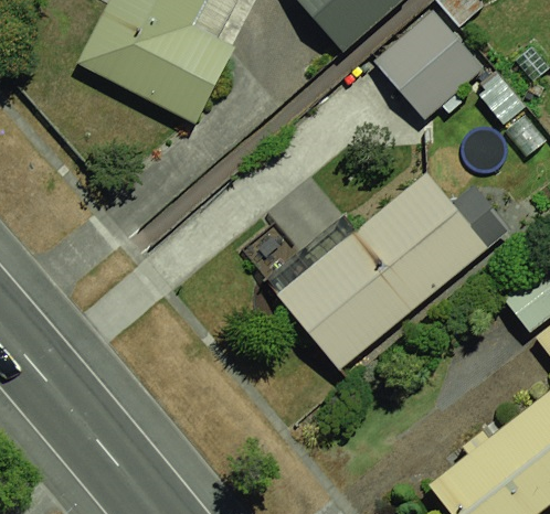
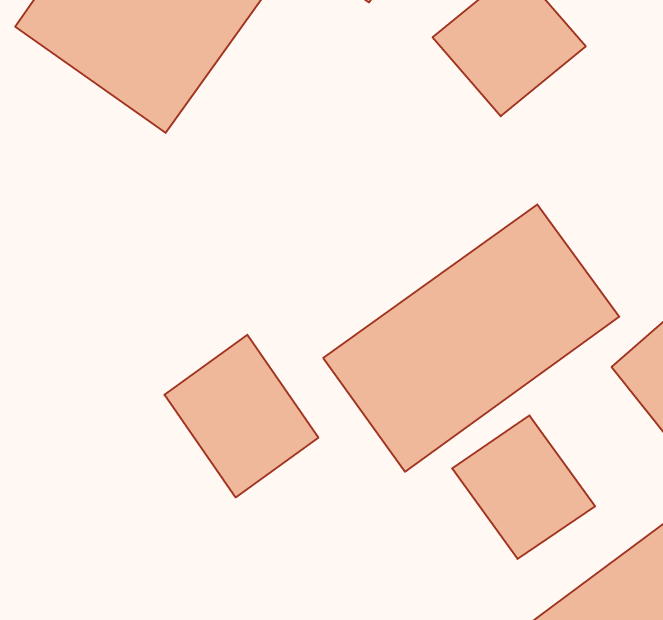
building: none -> [164,335,318,497]
building: none -> [452,415,595,559]

